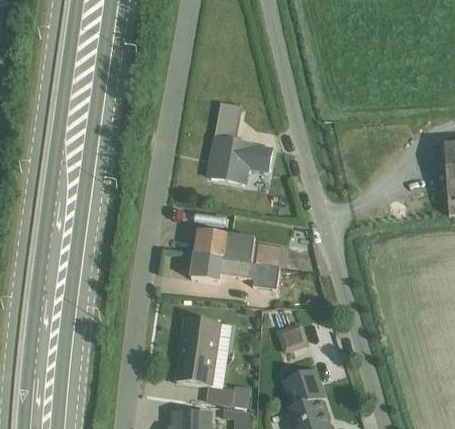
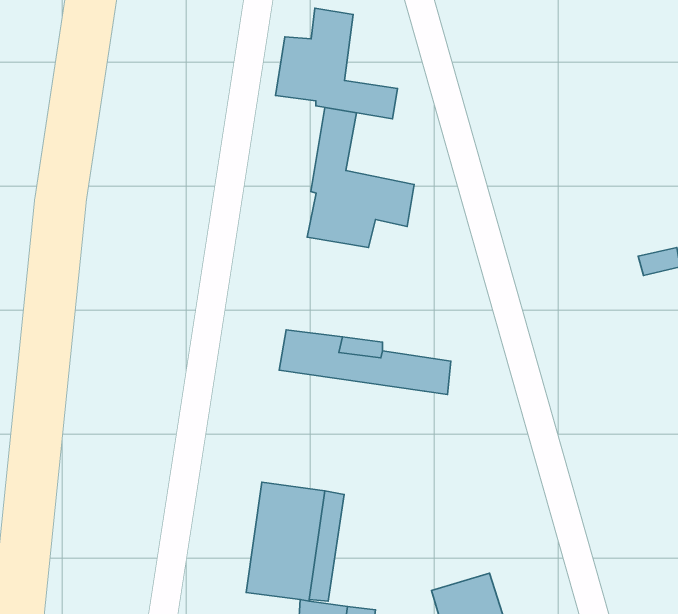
building: none -> [275,8,397,119]
building: [192,253,278,286] -> none
building: [276,322,309,351] -> none

